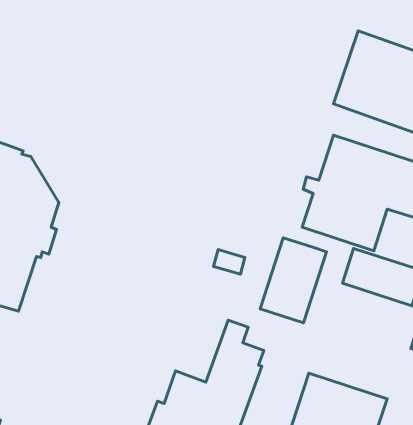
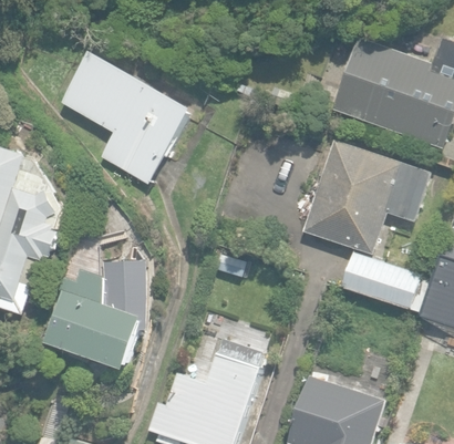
building: none -> [60,52,190,185]
building: [260,238,327,323] -> none
building: none -> [43,260,149,370]

